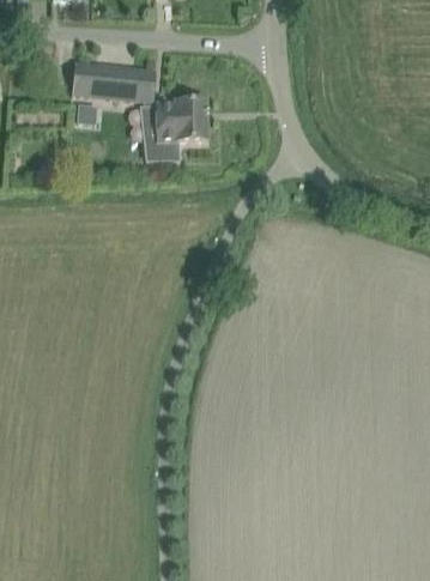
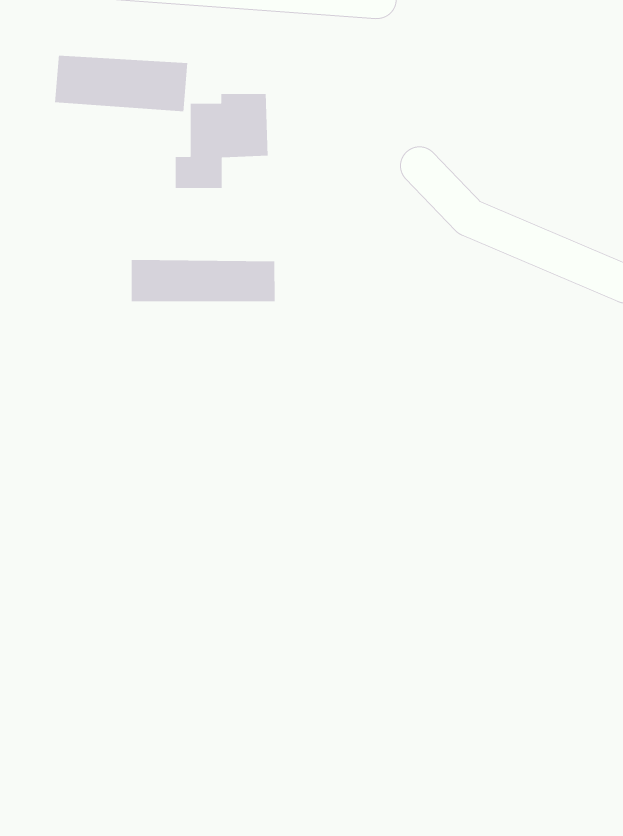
building: none -> [131,259,275,302]

